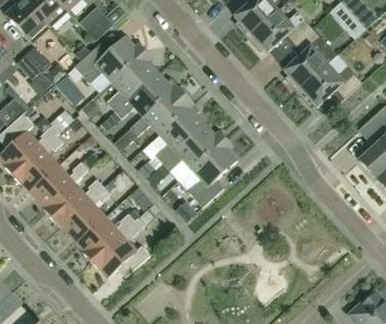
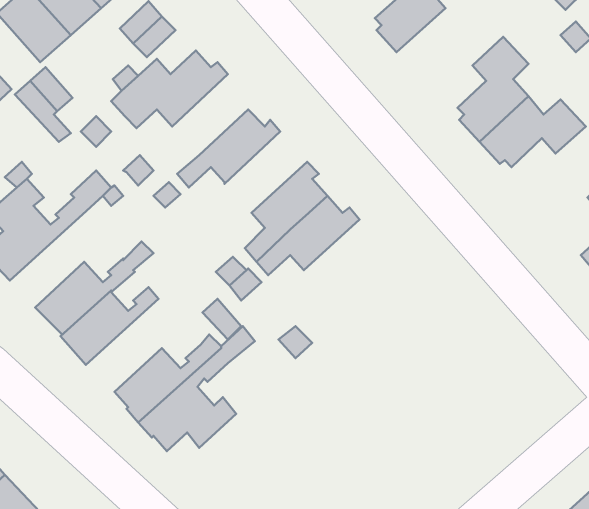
building: [248,9,312,51] -> none
building: [106,49,158,109] -> none
building: [114,84,194,149] -> none
building: [13,134,63,190] -> none
building: [187,137,239,205] -> none
building: [59,185,111,241] -> none

